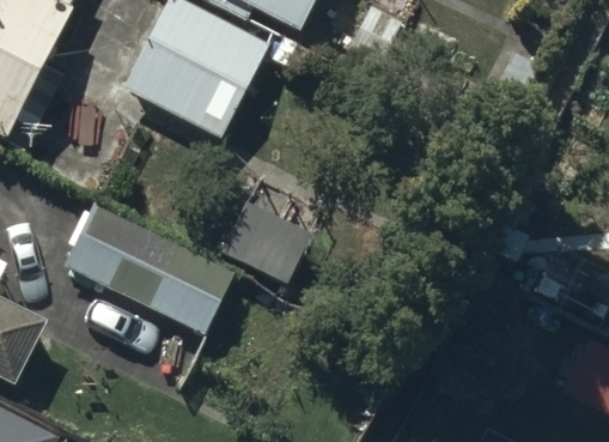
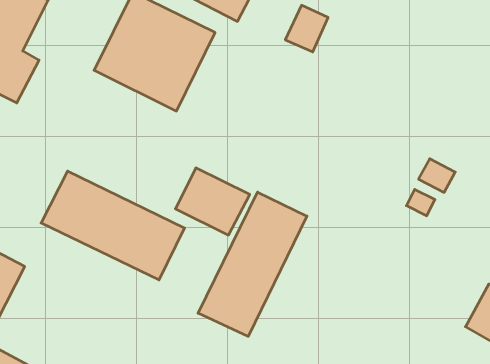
building: none -> [198,192,307,336]

